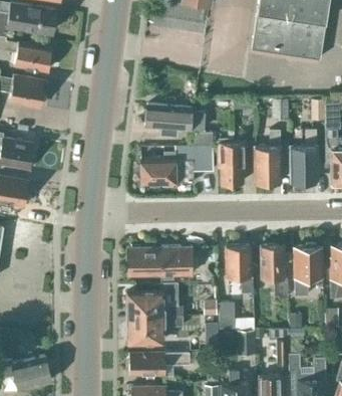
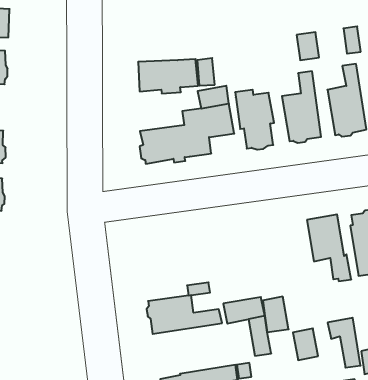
building: [226,245,253,292] -> none
building: [127,246,193,275] -> none
building: [126,317,184,342] -> none

